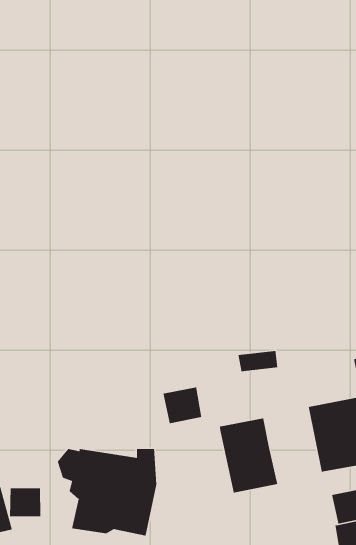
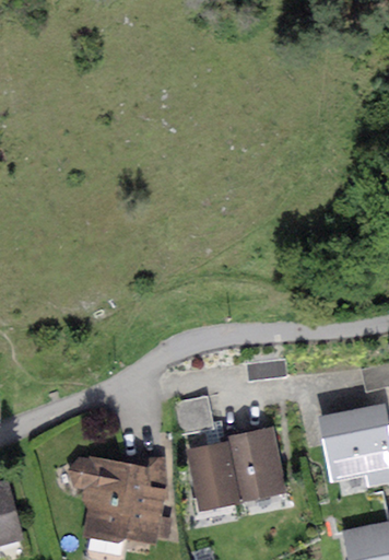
building: none -> [186,441,243,511]
building: [9,487,41,517] -> none

